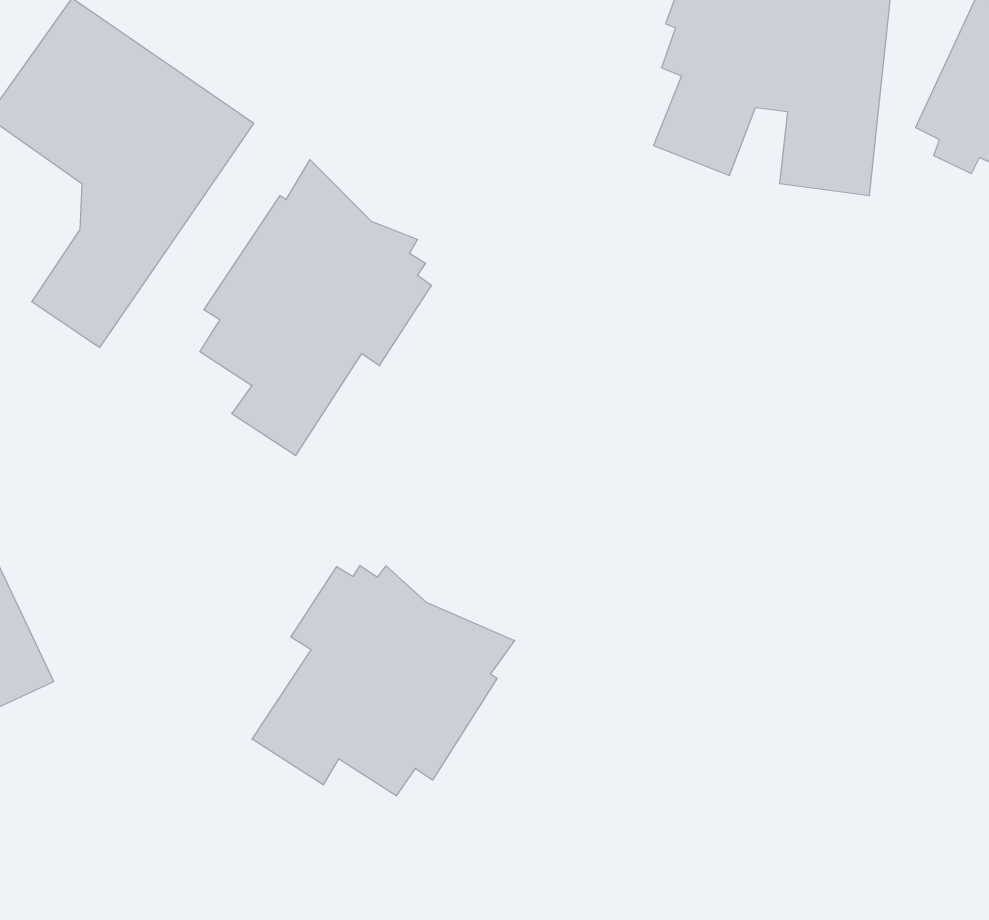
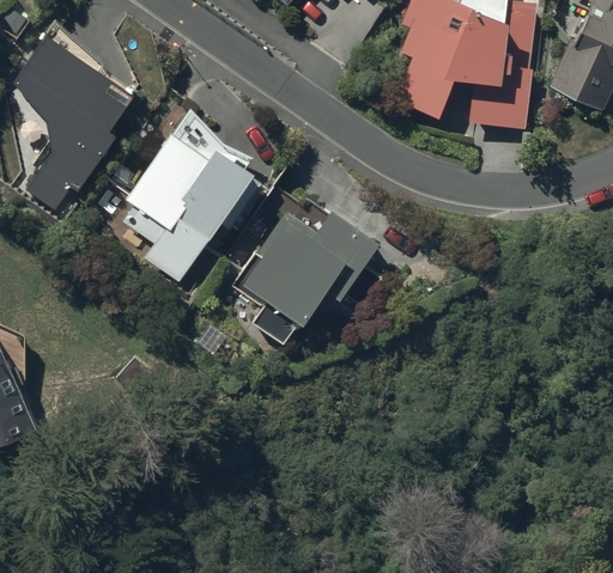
building: none -> [231,209,381,343]
building: [252,566,515,796] -> none

